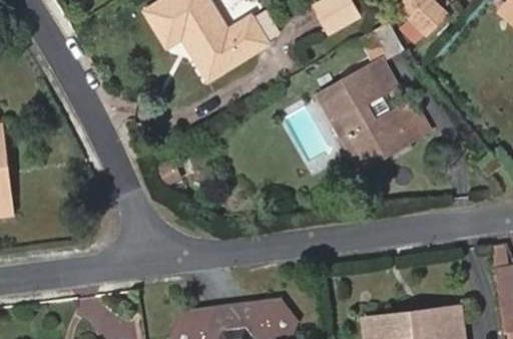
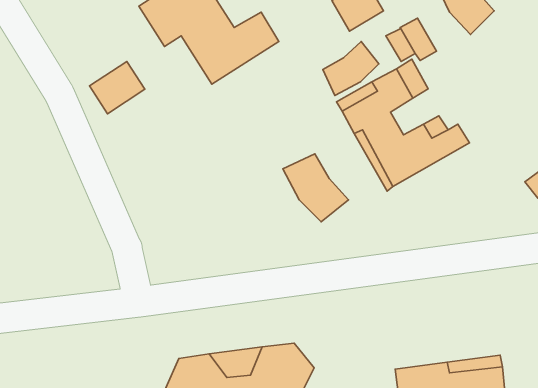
building: none -> [323,42,379,96]
building: none -> [89,61,145,114]
building: none -> [283,154,349,222]

